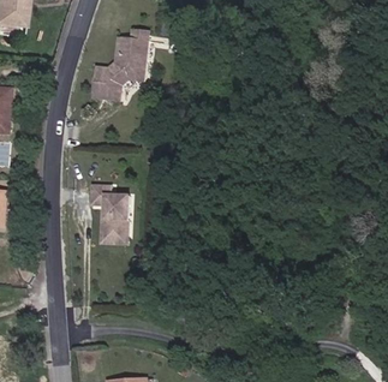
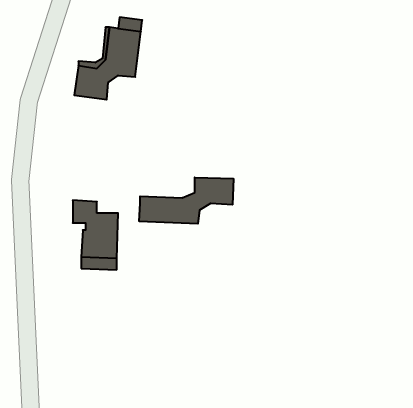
building: none -> [139,177,233,224]

